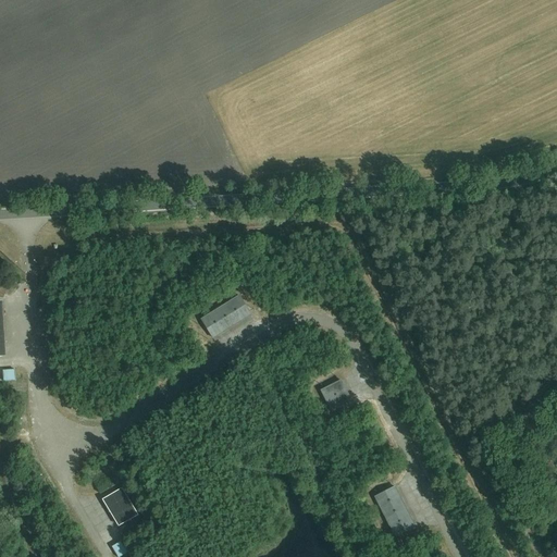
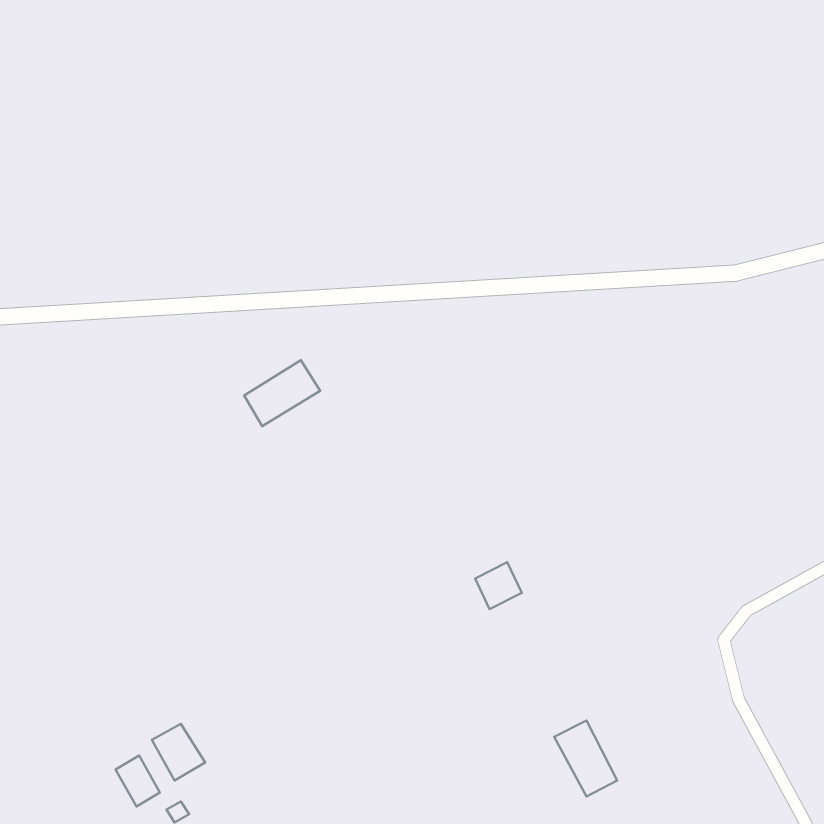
building: [201,294,252,338] -> [244,360,320,426]
building: none -> [116,755,160,807]

